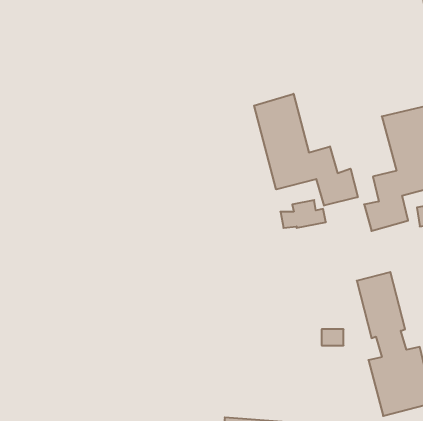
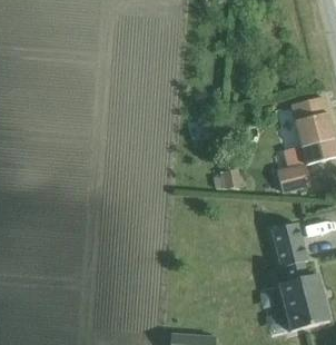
building: [254,94,358,206] -> none

